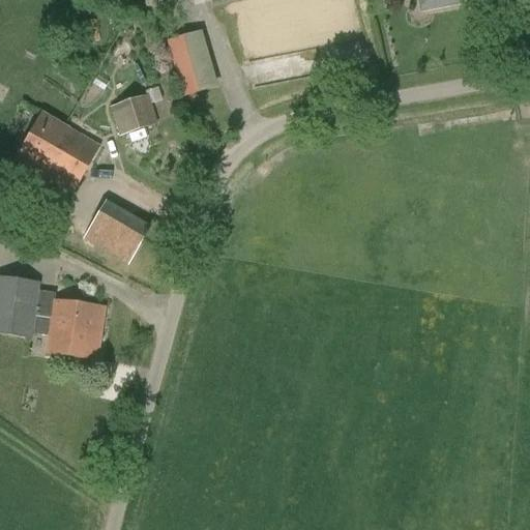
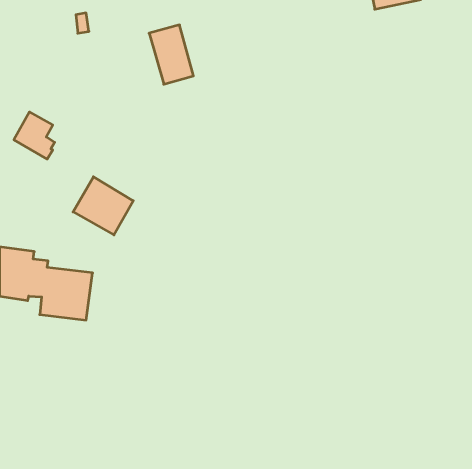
building: [109,92,156,134] -> none
building: [33,111,98,189] -> none

